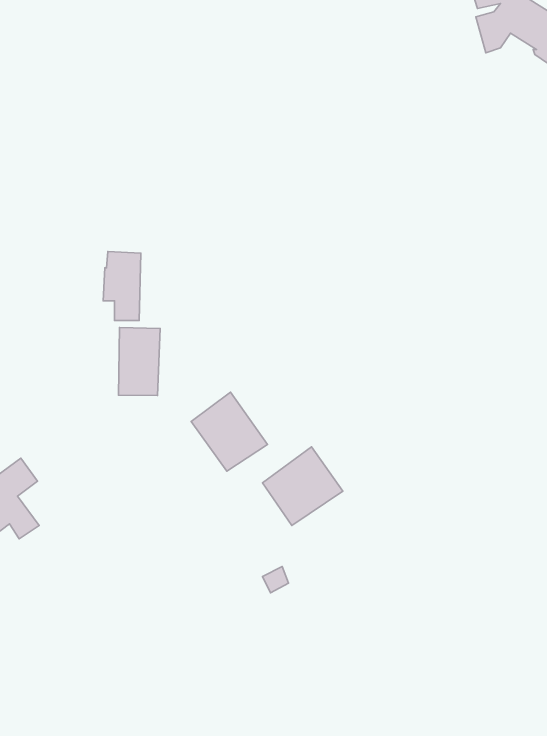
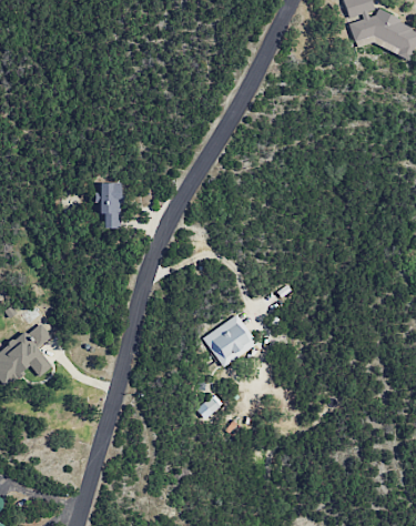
building: [119,328,160,396] -> none
building: [191,392,267,471] -> none

